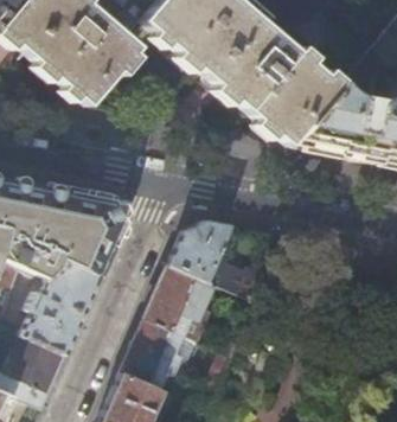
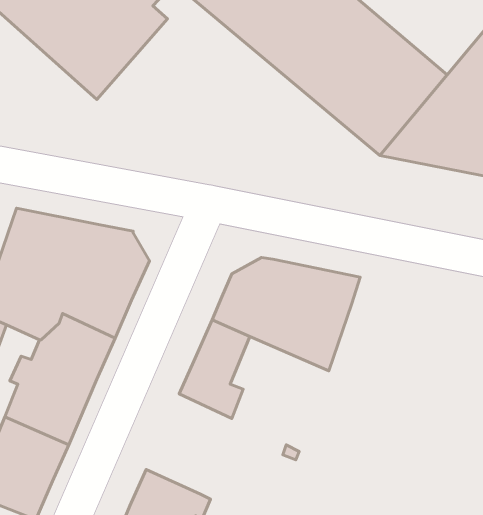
building: [120,315,181,388] -> none

